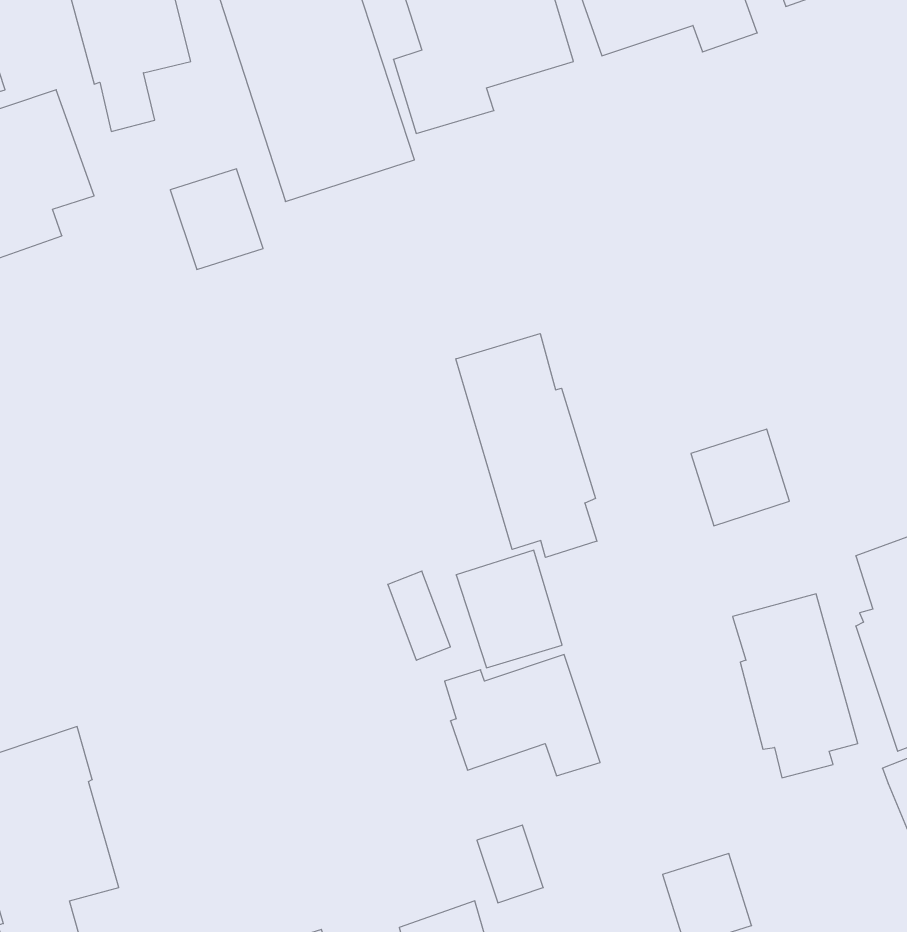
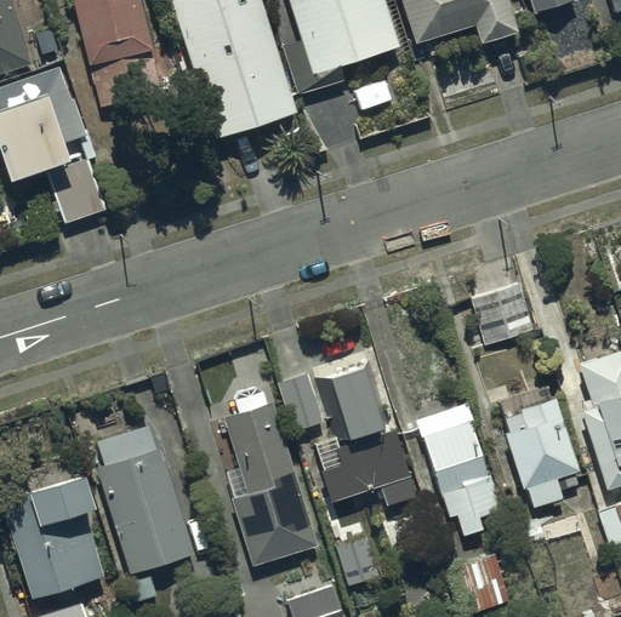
building: [170,169,263,269] -> [51,160,110,224]
building: [456,334,597,557] -> none
building: none -> [224,385,319,565]
building: none -> [415,401,502,536]
building: none -> [95,427,193,575]

